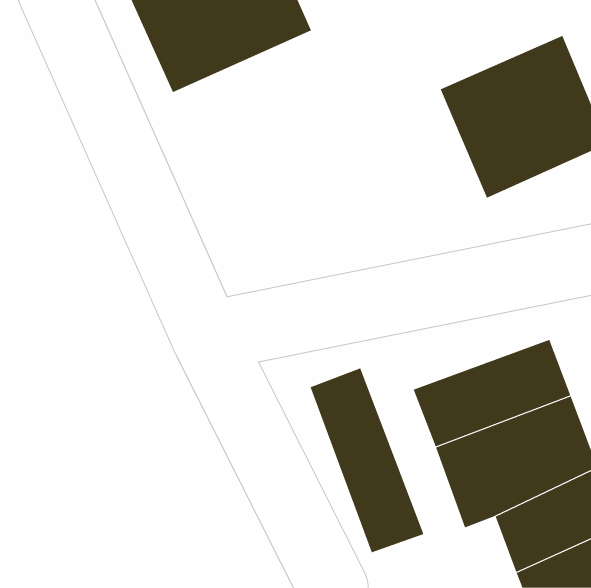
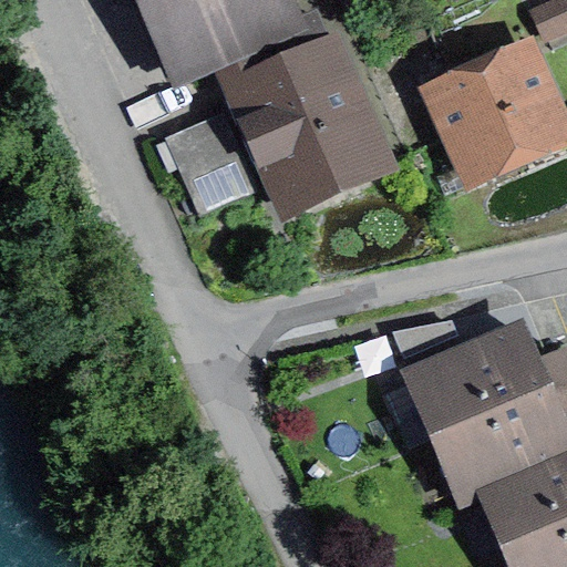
building: none -> [184,29,398,219]
building: [310,368,424,553] -> none

